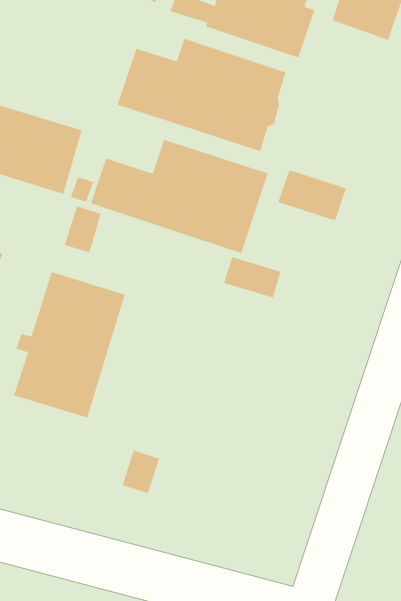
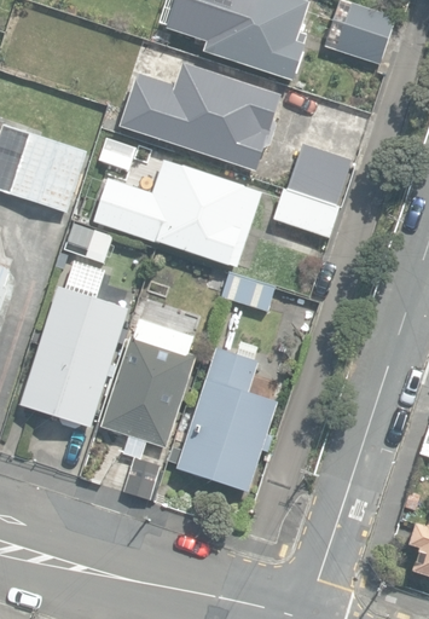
building: none -> [288,145,352,206]
building: none -> [100,322,197,449]
building: none -> [168,347,279,492]

